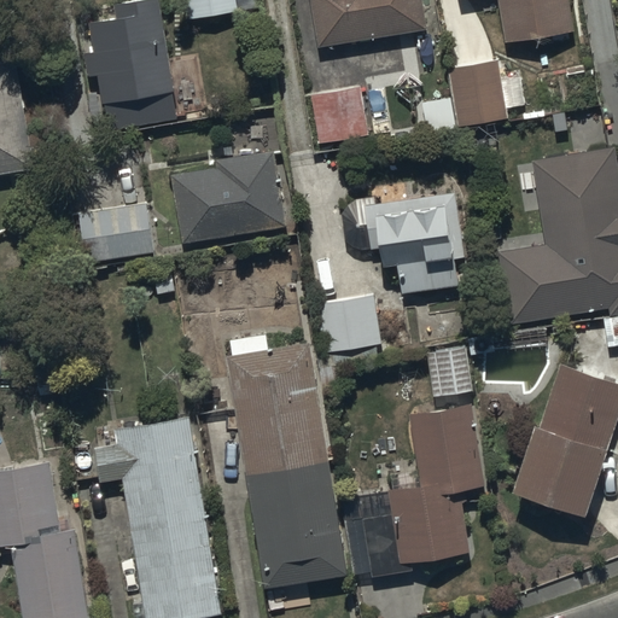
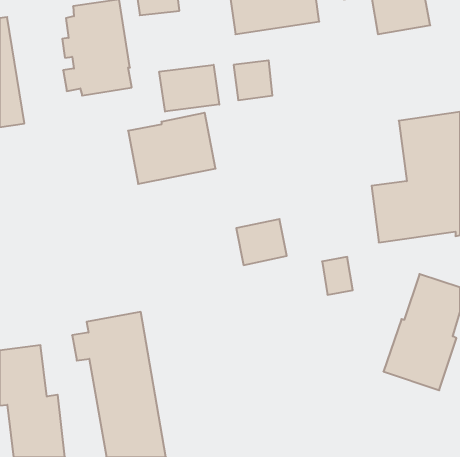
building: [427,59,525,132] -> none
building: none -> [159,65,219,112]
building: [366,193,462,291] -> none
building: [66,199,153,263] -> none
building: [227,334,348,589] -> none
building: [343,406,486,578] -> none

